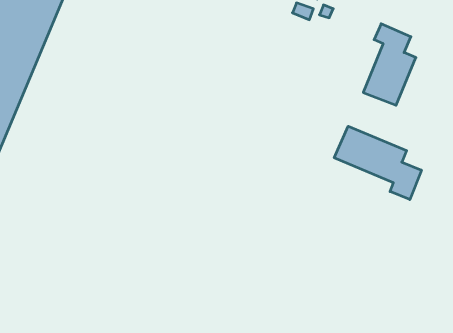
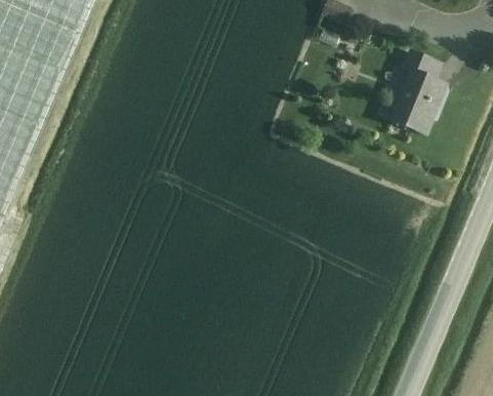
building: [334,126,421,200] -> none

